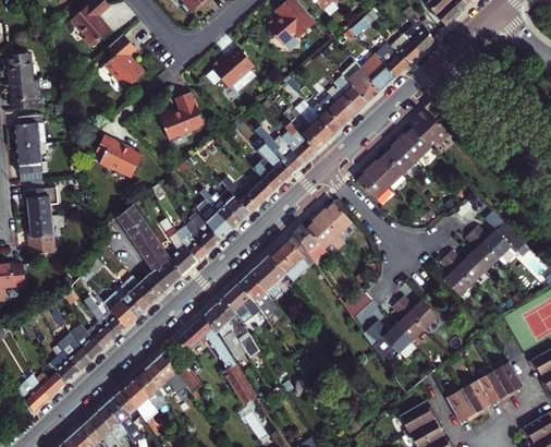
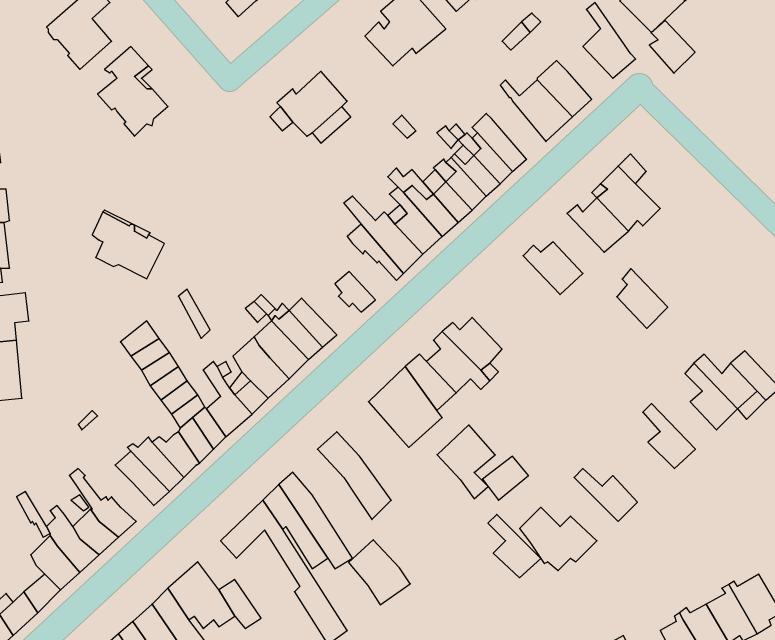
building: [392,34,420,67] -> [649,21,695,73]
building: [345,68,379,104] -> none
building: [161,93,206,141] -> none
building: [383,137,415,174] -> [617,269,668,328]
building: [252,156,286,191] -> none
building: [355,164,388,201] -> none
building: [219,174,265,213] -> none
building: [444,250,485,283] -> none
building: [249,254,285,300] -> [437,425,495,499]
building: [89,283,136,328] -> none
building: [222,283,260,324] -> [349,540,410,605]
building: [391,301,424,340] -> [488,514,541,578]

